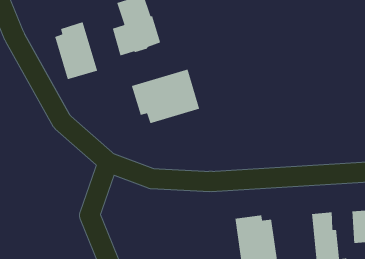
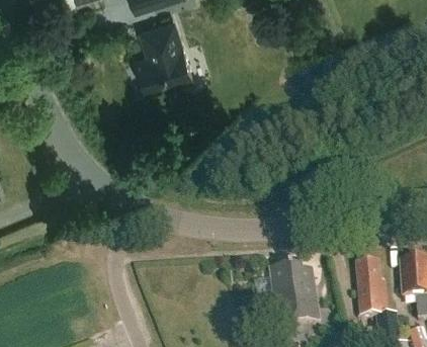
building: [54,21,98,80] -> none
building: [131,68,200,124] -> none

